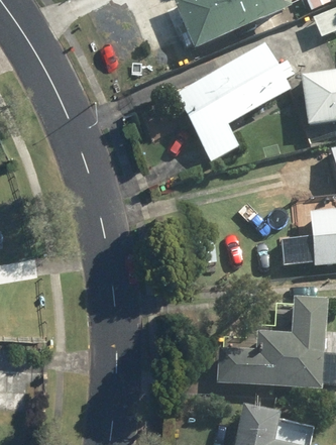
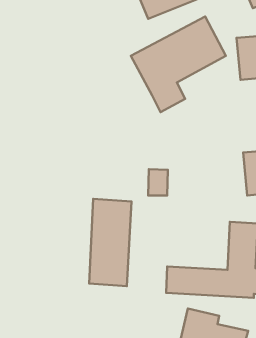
building: none -> [89,199,132,286]

